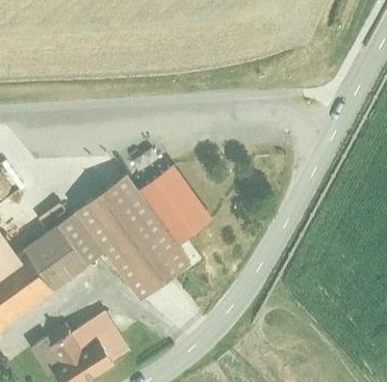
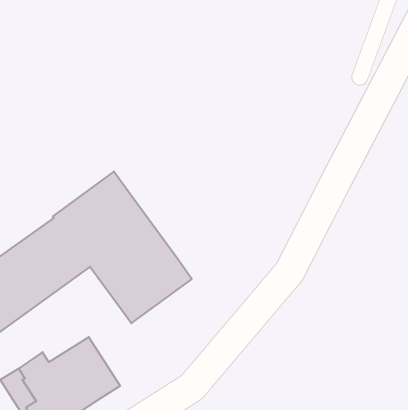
building: [138,169,212,247] -> none

